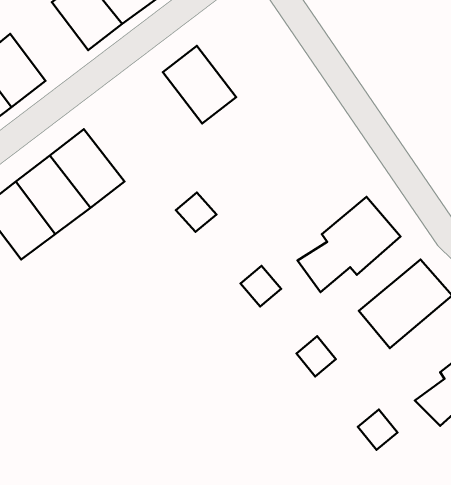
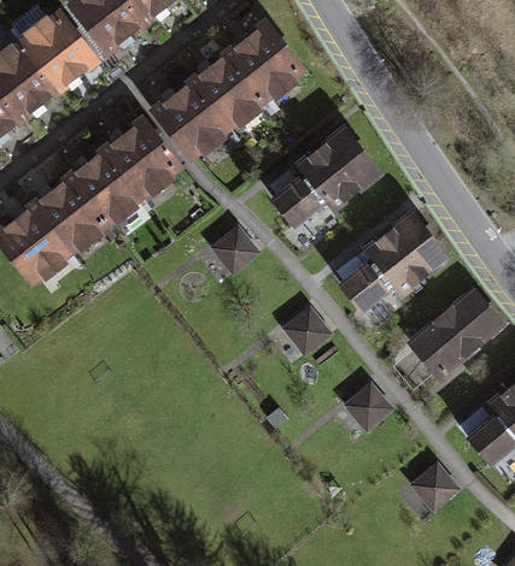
building: none -> [22,8,99,89]
building: none -> [227,23,308,107]
building: none -> [152,79,233,165]
building: none -> [103,113,185,200]
building: none -> [270,128,384,234]

